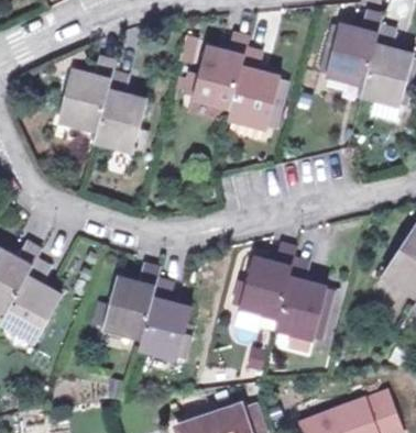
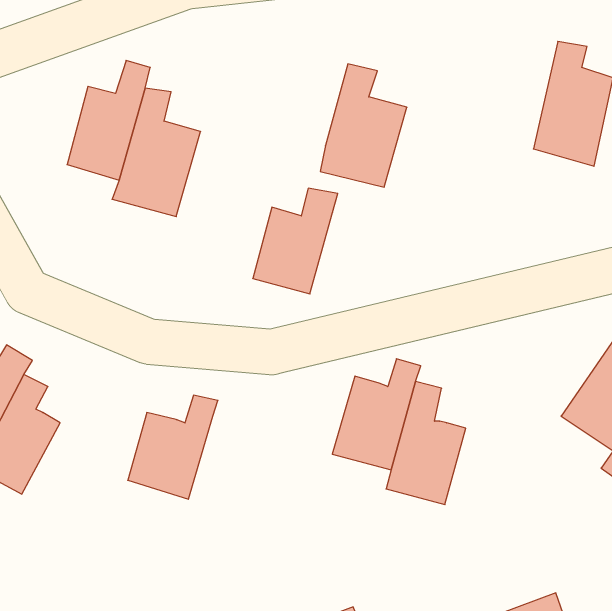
building: [327,24,380,96] -> none
building: [195,41,249,108] -> [253,188,338,294]
building: [140,279,195,355] -> none

